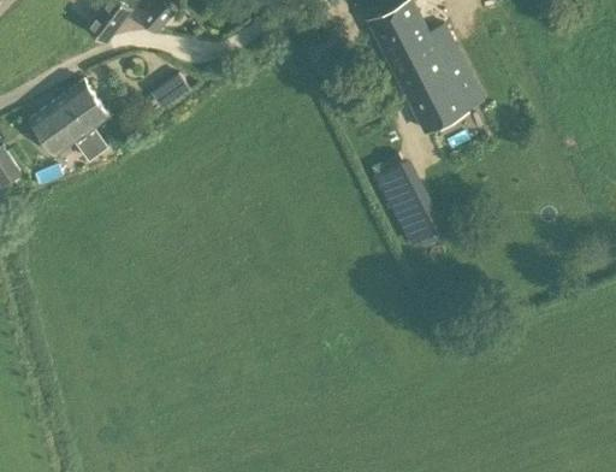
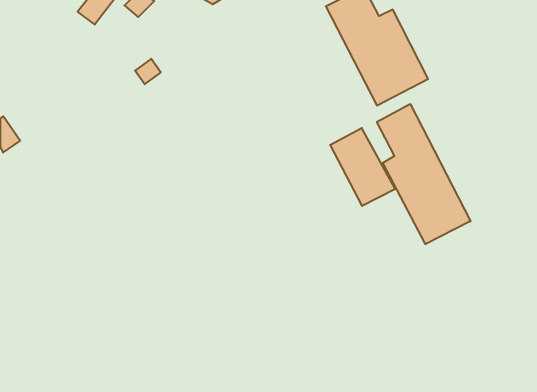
building: [30,81,112,157] -> none
building: none -> [377,104,471,244]

